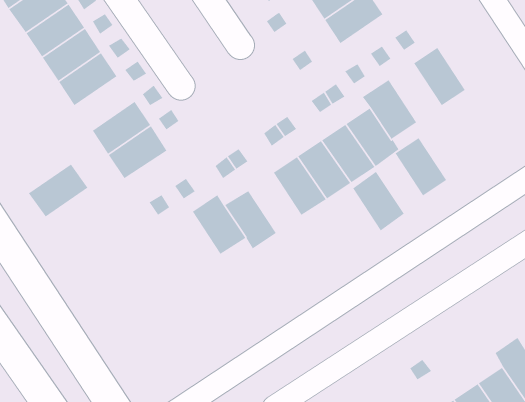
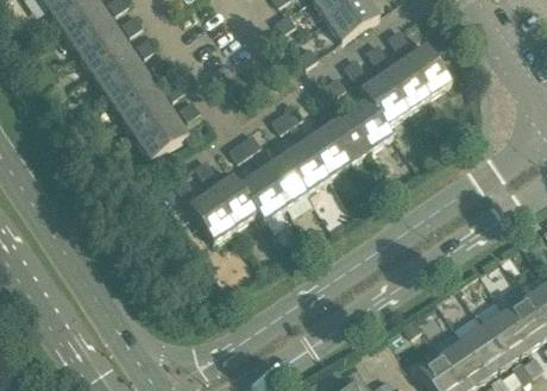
building: [394,137,447,196] -> [384,57,430,109]
building: [28,163,89,217] -> [107,69,161,116]
building: [352,171,405,232] -> [260,153,307,207]
building: none -> [188,188,235,241]

